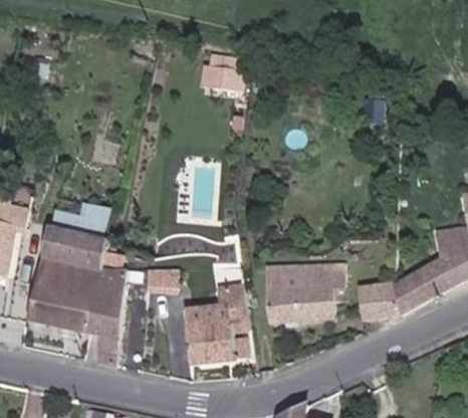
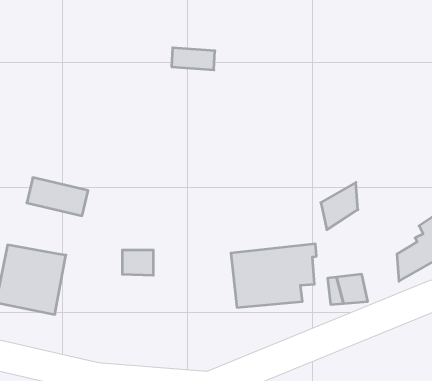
building: [40,235,94,268] -> none
building: [394,268,431,316] -> [321,182,358,230]
building: [87,269,125,366] -> none
building: [185,284,251,364] -> none

